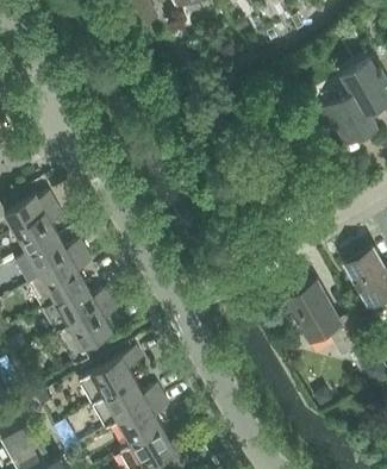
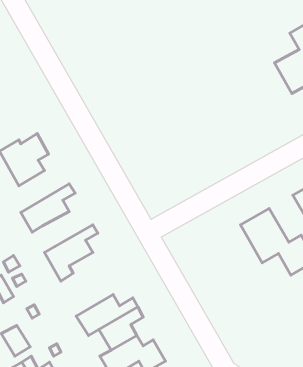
building: [14,236,85,284] -> none
building: [54,283,112,324] -> none
building: [80,348,143,405] -> none

